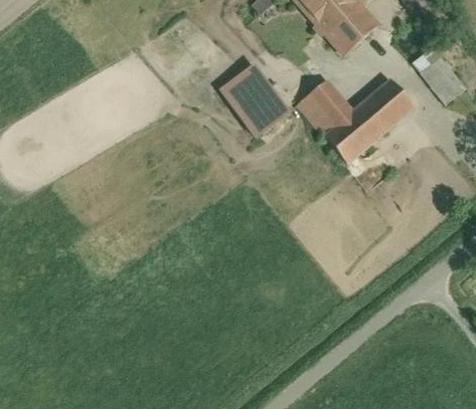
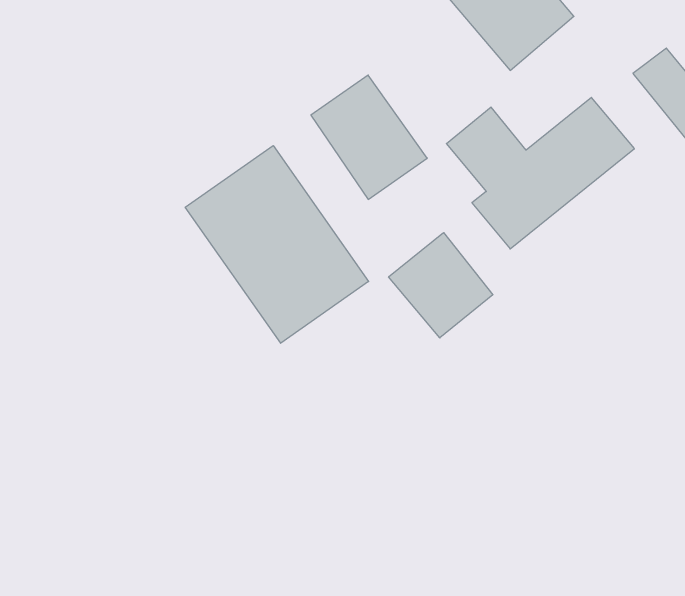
building: none -> [185,146,369,343]
building: none -> [389,233,493,338]

